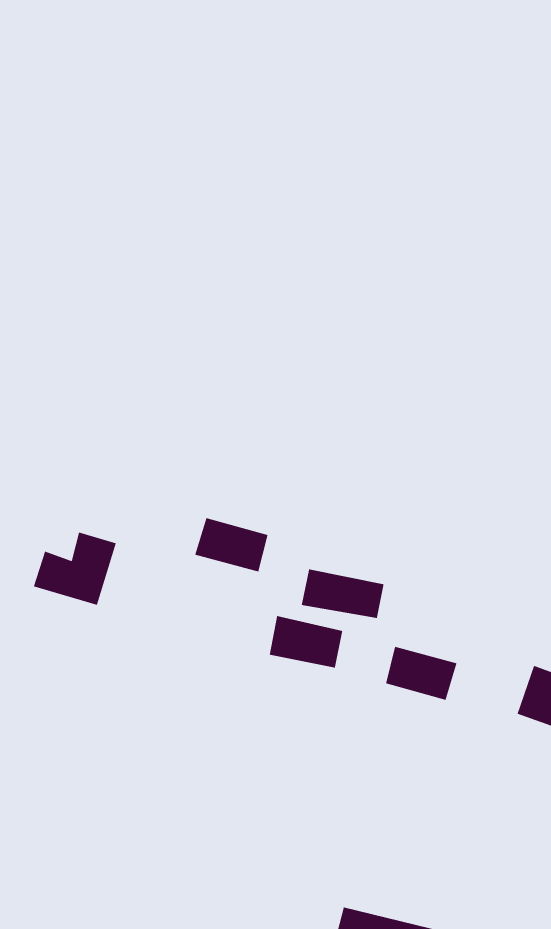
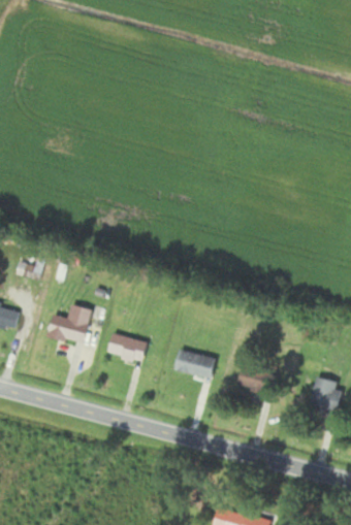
building: [194,517,269,572] -> [106,333,147,363]
building: [301,569,384,619] -> none

